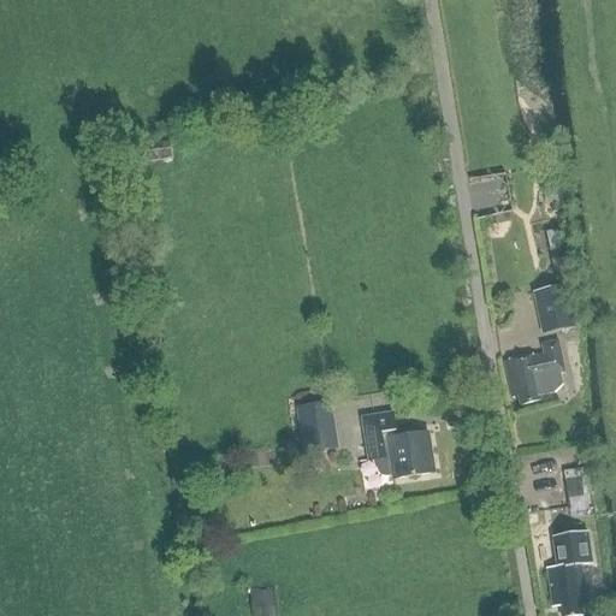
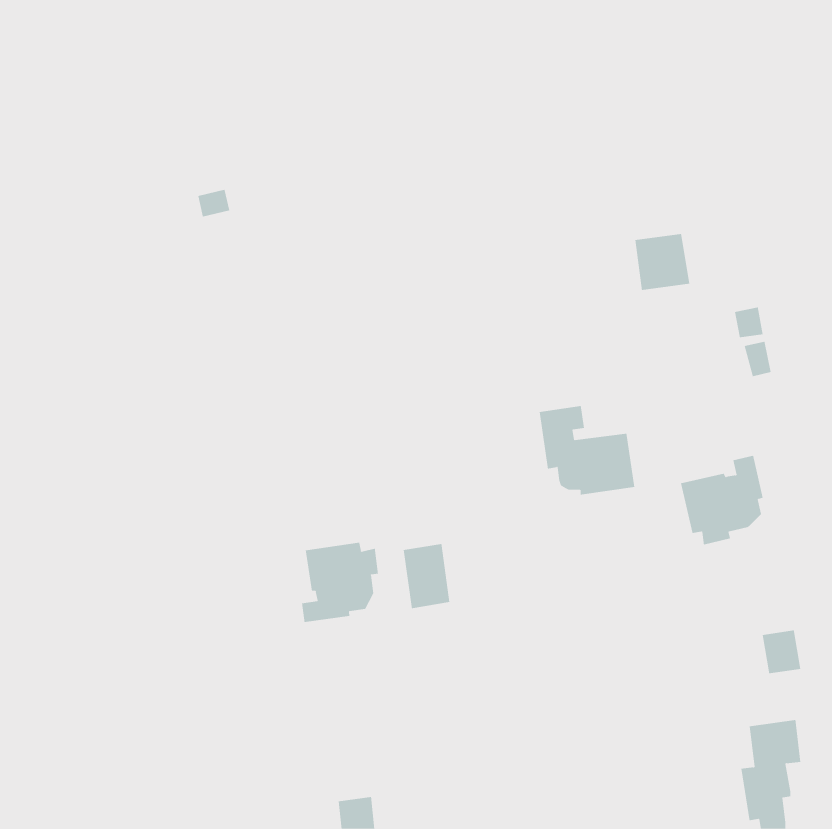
building: [531,283,576,333] -> none
building: none -> [301,542,379,623]
building: [362,410,433,476] -> [539,405,635,495]

